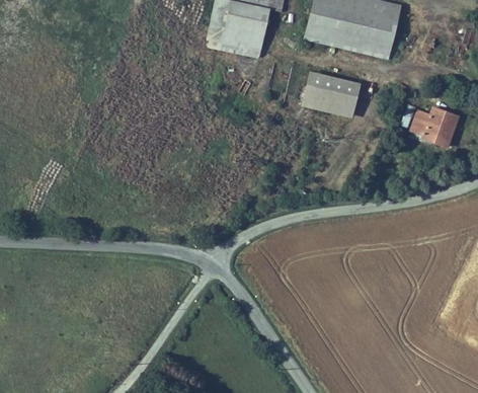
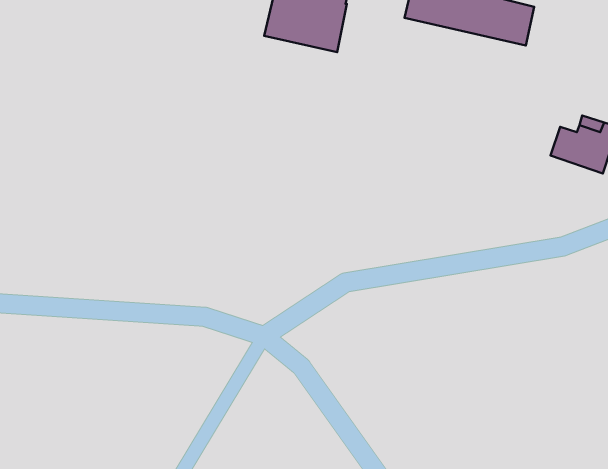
building: [306,27,398,62] -> none
building: [299,71,358,117] -> none

